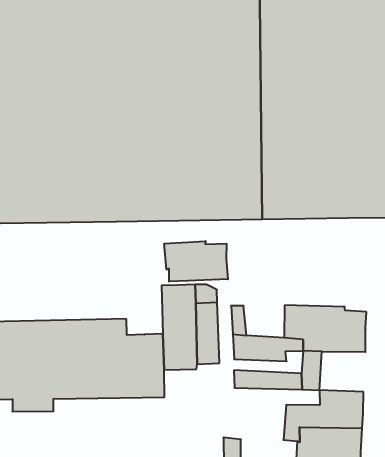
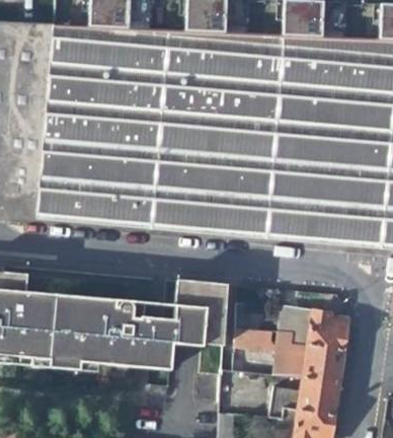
building: [164,241,228,282] -> none
building: none -> [300,346,340,382]

